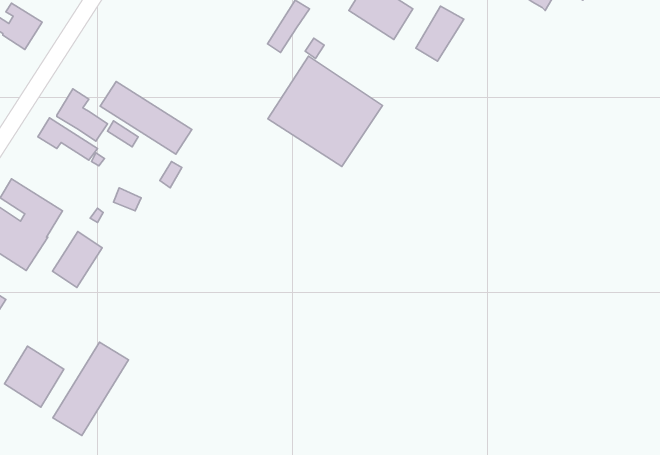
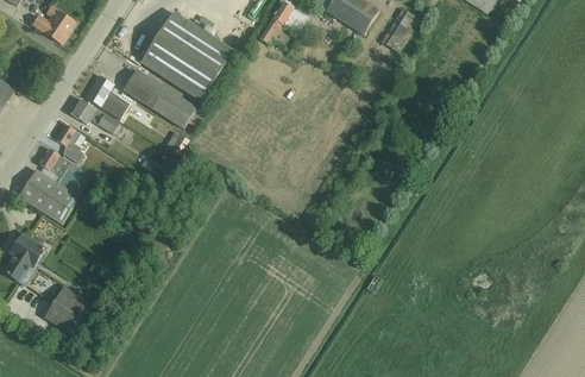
building: [268,56,383,167] -> [140,11,234,101]
building: none -> [55,124,86,162]
building: [53,232,102,288] -> none
building: [53,342,128,435] -> none

